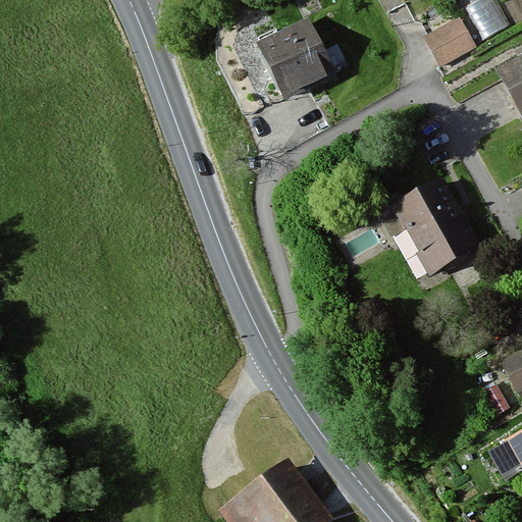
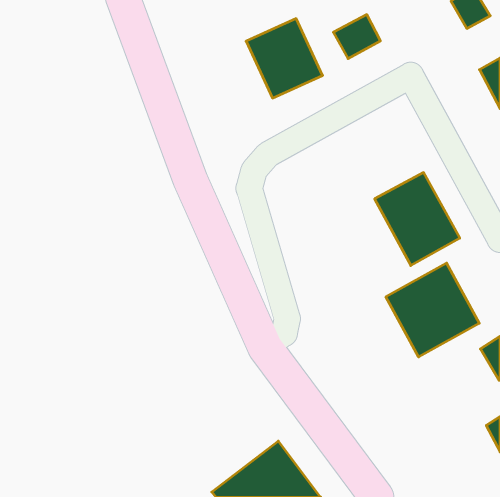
building: [423,20,472,66] -> [333,15,380,59]
building: none -> [386,263,479,357]

